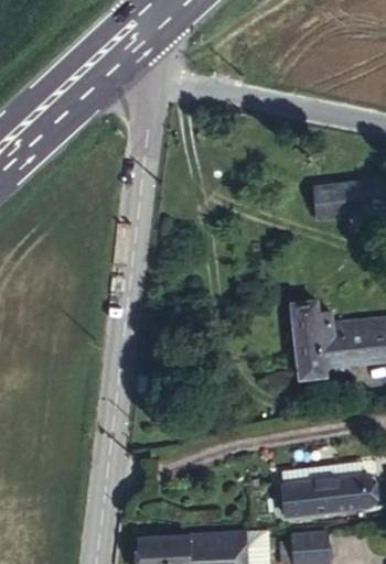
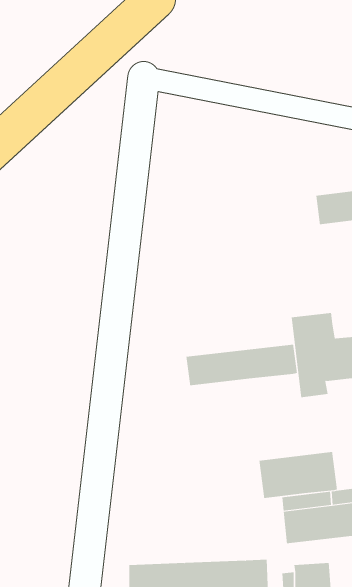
building: none -> [186,344,298,386]
building: none -> [259,451,337,499]

